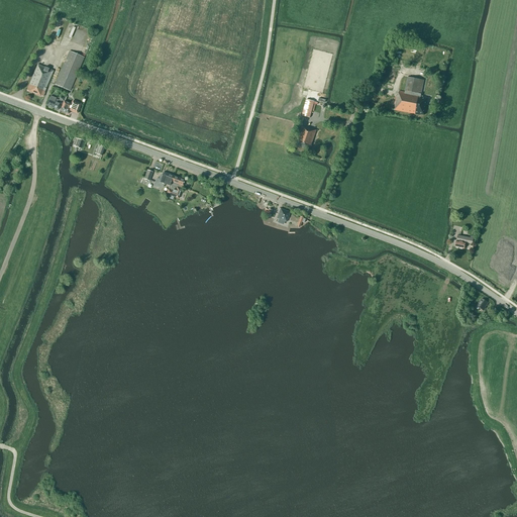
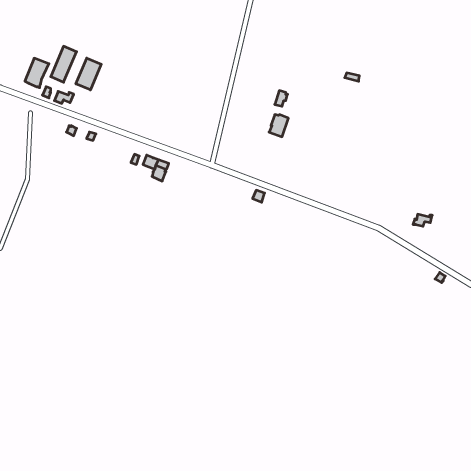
building: none -> [76,58,101,90]
building: [394,76,427,114] -> none

